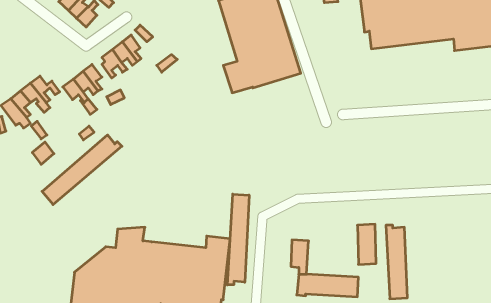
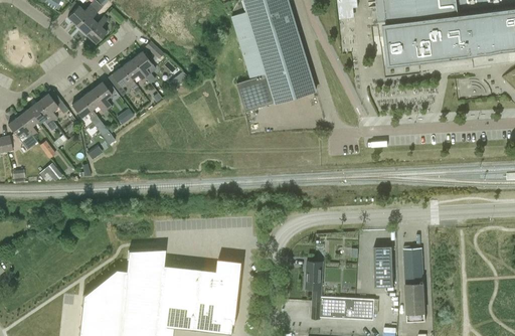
building: [42,135,122,205] -> none
building: [227,194,249,285] -> none

